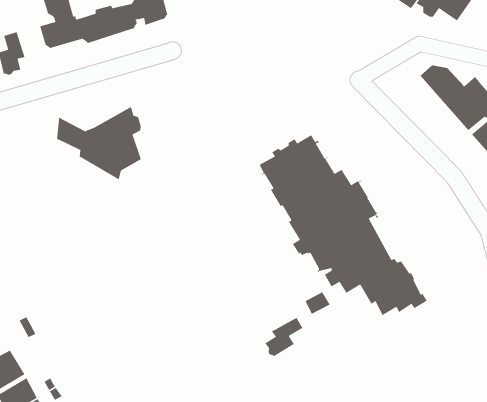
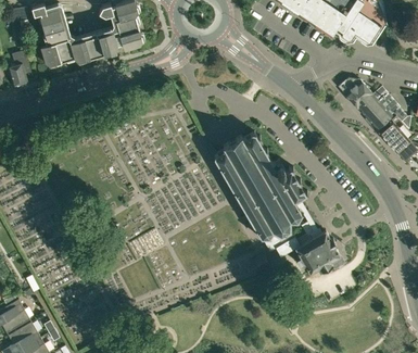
building: [56,106,142,180] -> none
building: [264,317,304,357] -> none

